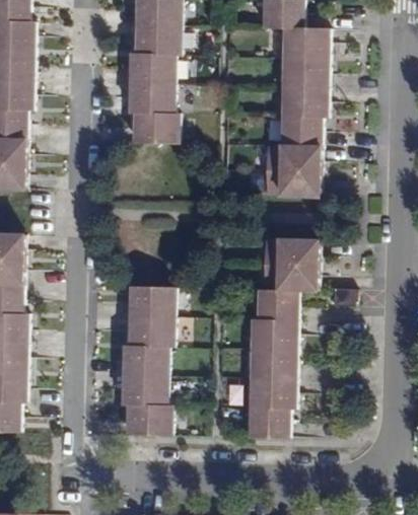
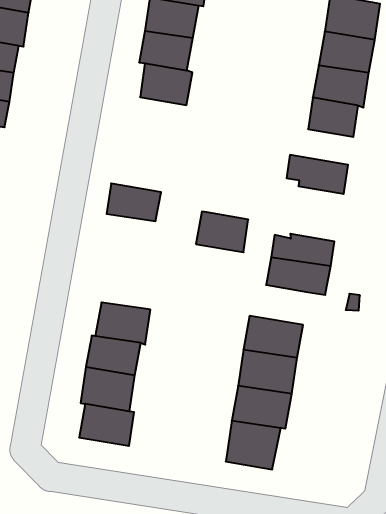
building: [270,144,322,169] -> none
building: [261,282,302,311] -> [196,212,248,252]
building: [128,291,171,317] -> [107,183,161,221]

